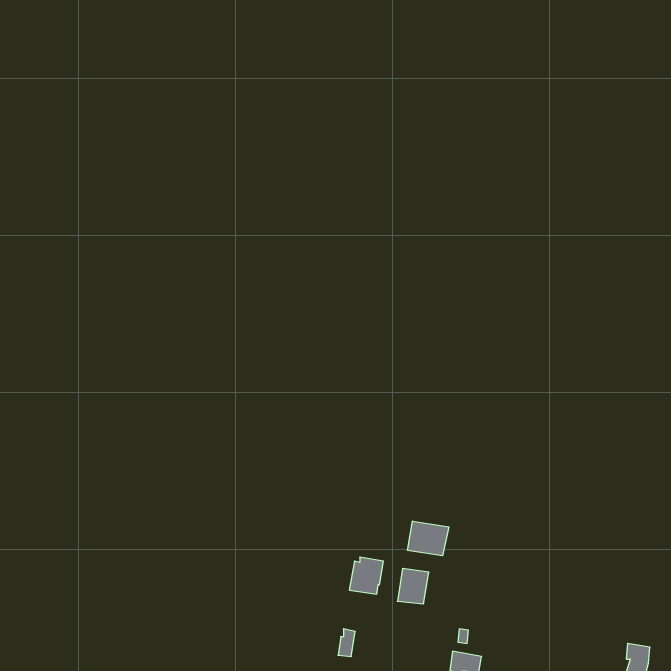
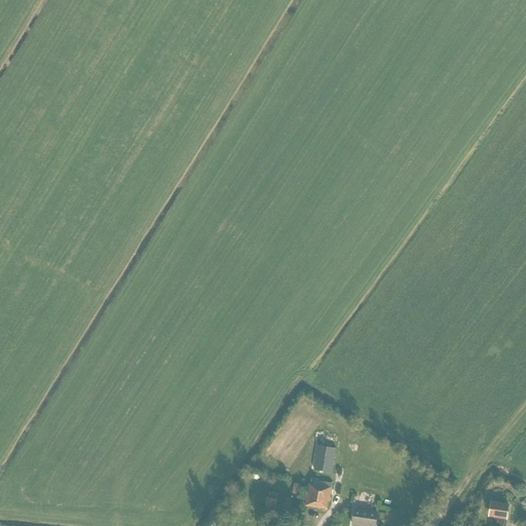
building: [408,521,449,556] -> none
building: [349,557,383,594] -> [304,481,331,510]

